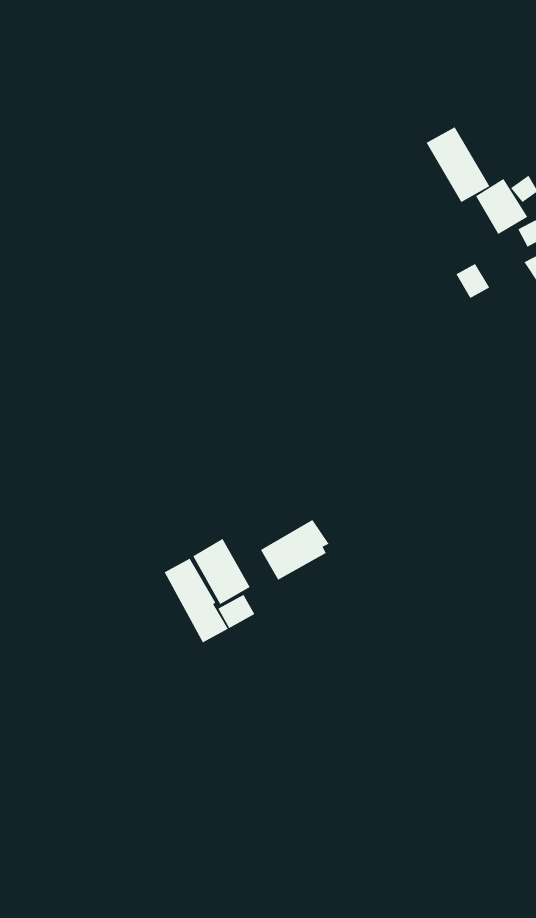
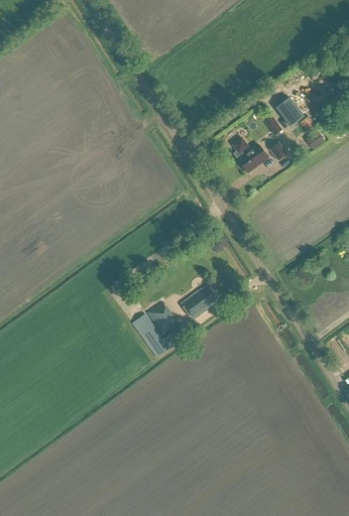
building: [426,126,490,203] -> none
building: none -> [232,139,267,173]

